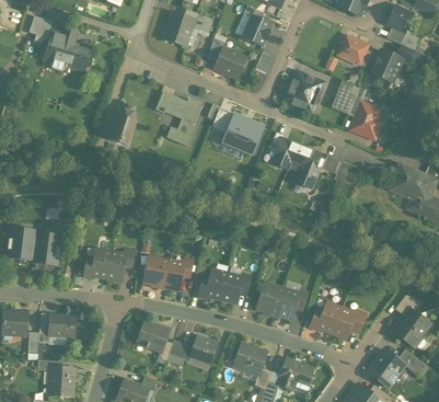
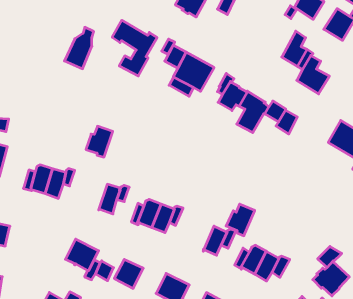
building: [284,71,322,111] -> none
building: [143,256,169,287] -> [86,126,113,157]
building: [256,284,284,315] -> [226,204,255,236]

